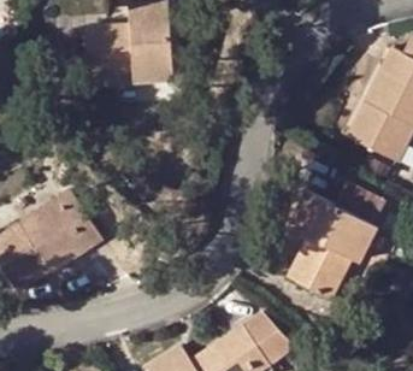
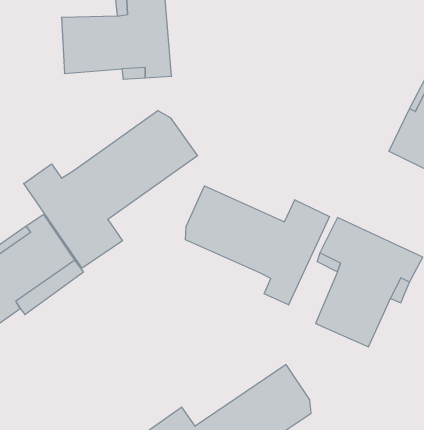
building: none -> [24,110,198,268]
building: none -> [186,186,330,305]

